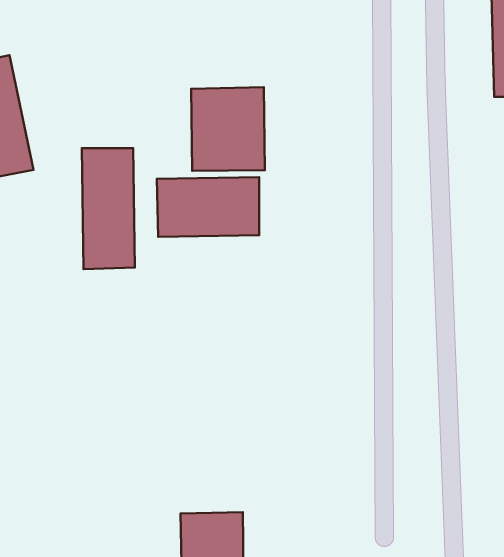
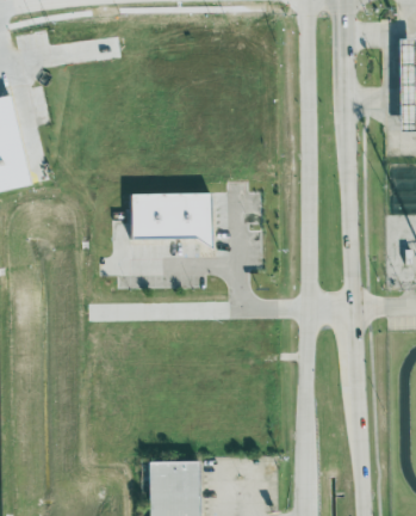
building: [191,87,265,171] -> none
building: [82,148,135,269] -> none

